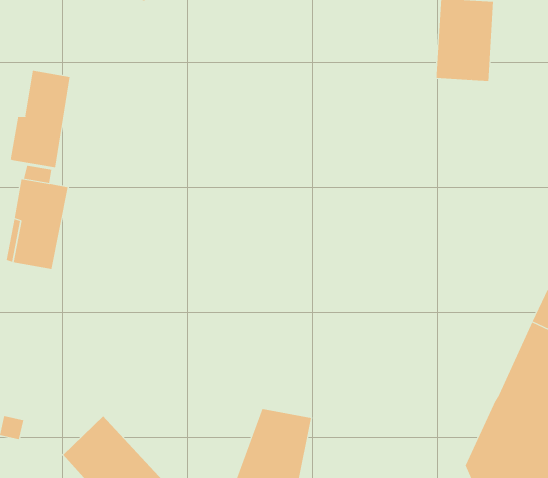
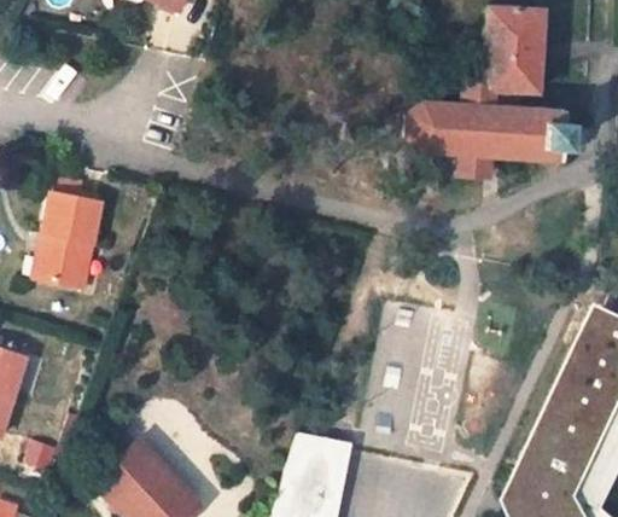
building: [10,70,70,168] -> none
building: none -> [407,83,566,178]

